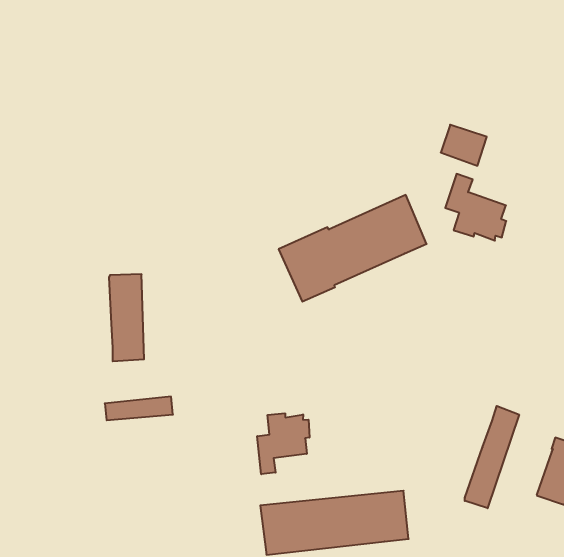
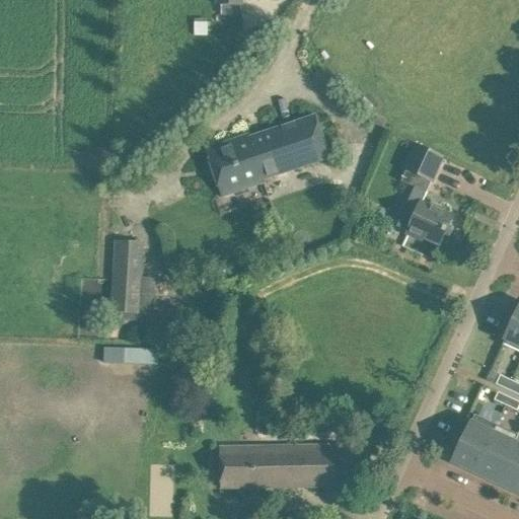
building: [279,195,427,302] -> [205,115,328,195]
building: [465,406,519,508] -> none
building: [257,413,309,474] -> none

